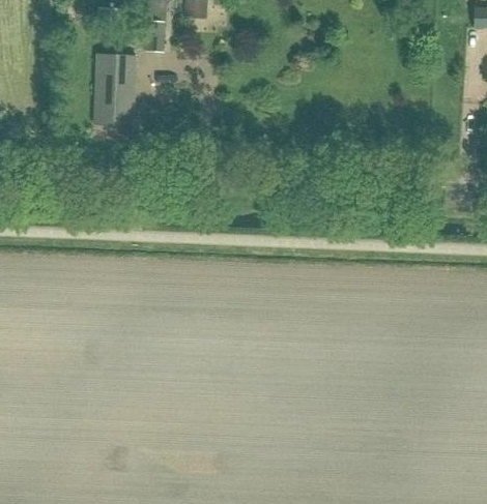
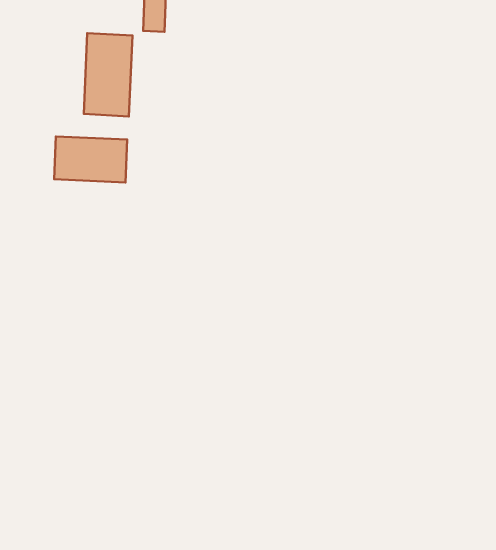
building: none -> [54,136,127,182]

